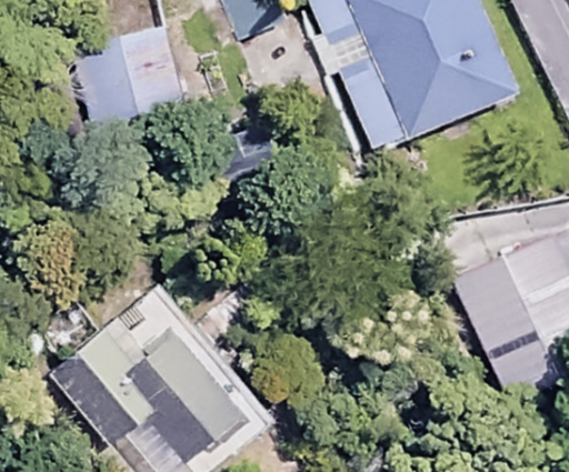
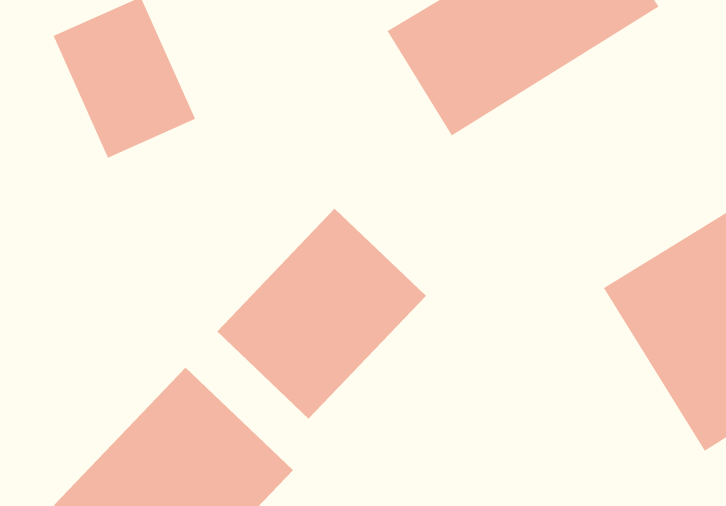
building: none -> [216,208,427,419]

